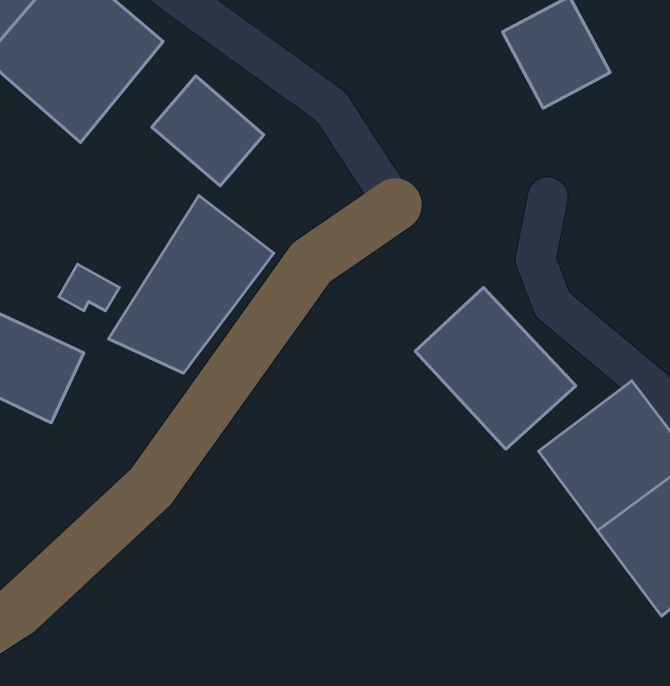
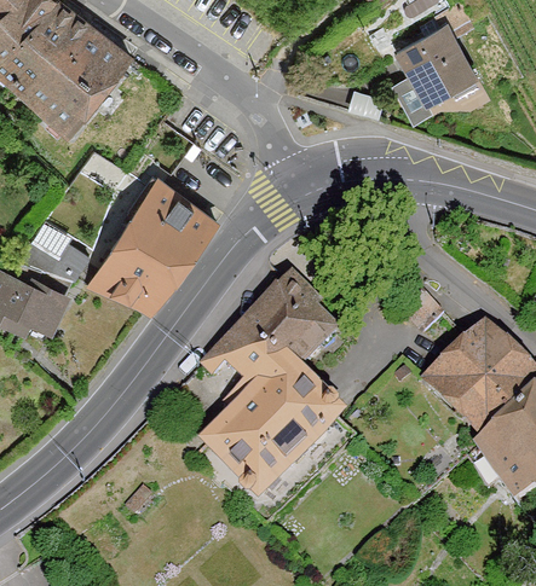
building: [152,76,264,186] -> none
building: [415,287,576,449] -> none
building: none -> [191,274,344,505]

